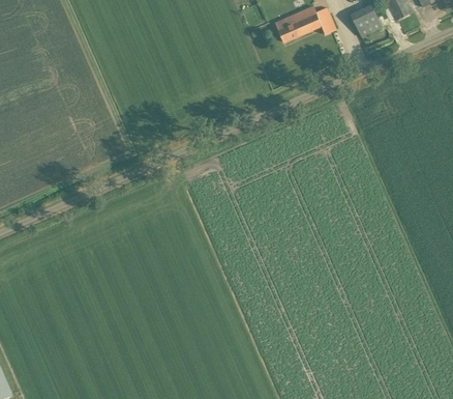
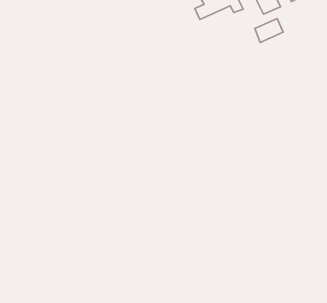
building: none -> [255,19,283,43]

